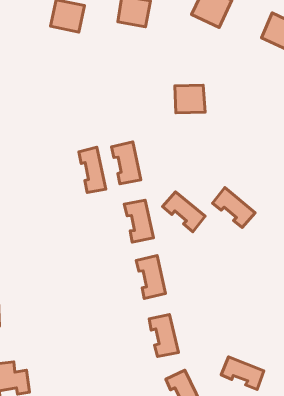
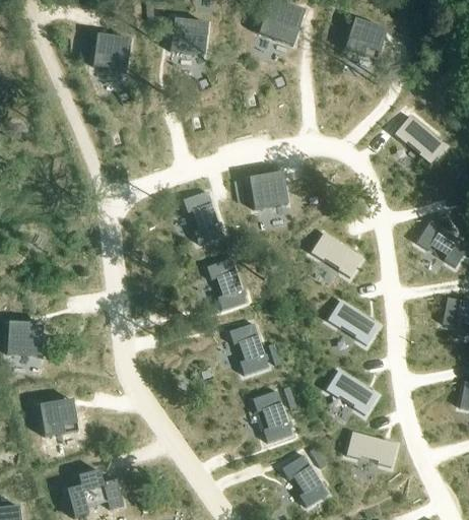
building: [175,85,205,113] -> [250,173,289,209]
building: [79,147,106,192] -> none
building: [163,192,205,232] -> [328,301,380,345]
building: none -> [327,371,378,414]

